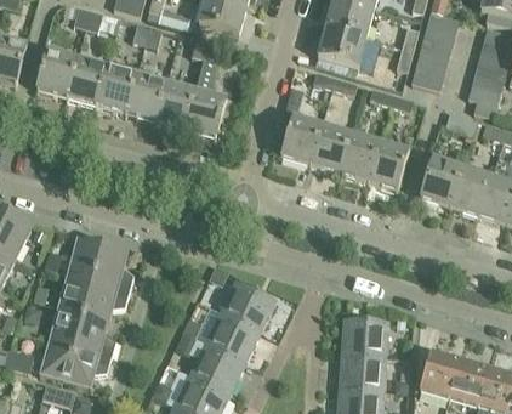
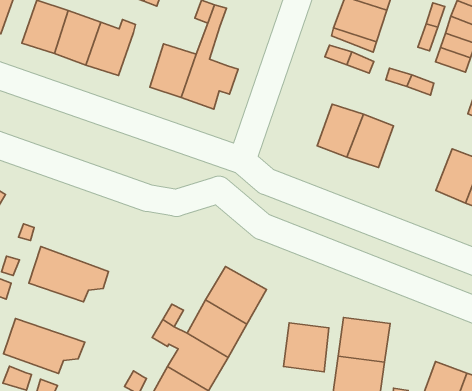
building: [126,72,165,120] -> none
building: [281,115,322,163] -> none
building: [368,140,408,187] -> none
building: [67,239,135,290] -> none
building: [49,306,116,356] -> none
building: none -> [284,323,329,372]

